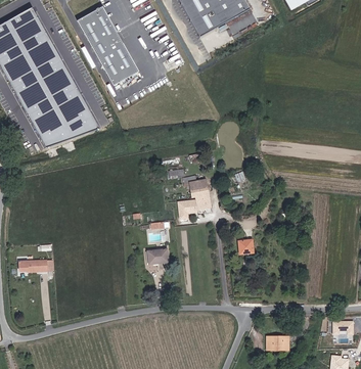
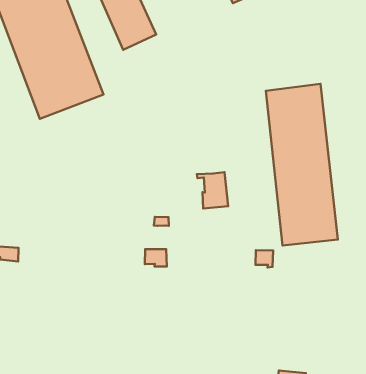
building: none -> [266,84,338,245]

